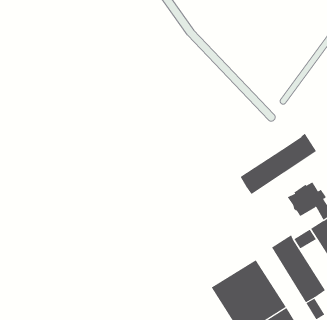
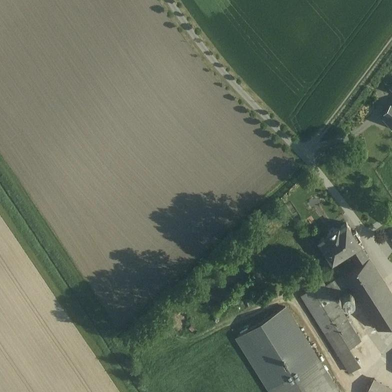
building: [240,133,317,195] -> none

